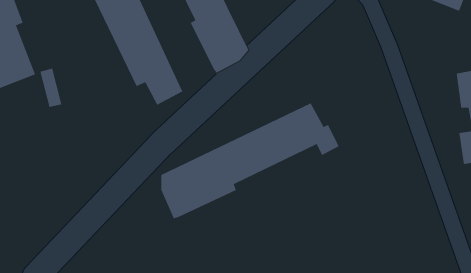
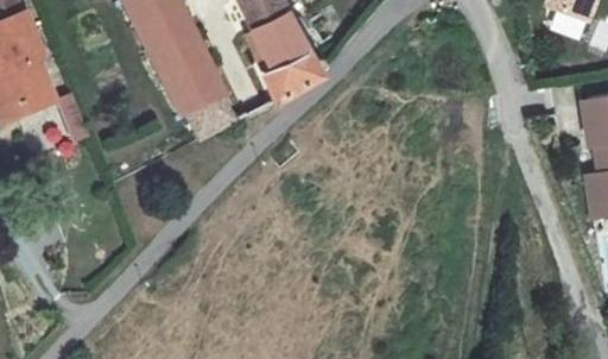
building: [161,103,339,219] -> none

